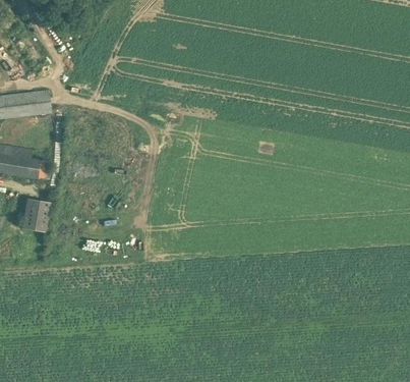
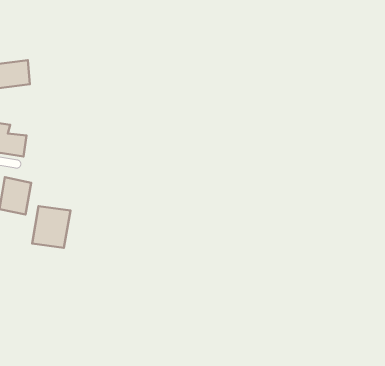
building: none -> [32,206,70,248]

